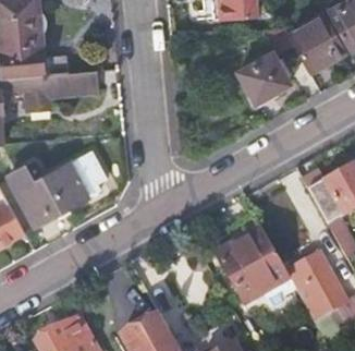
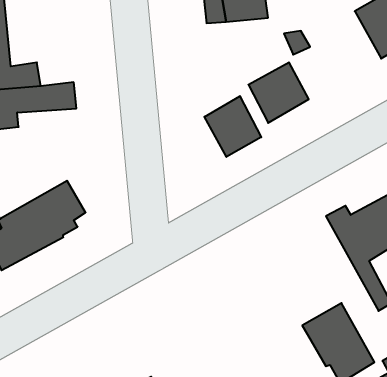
building: [292,15,343,71] -> none
building: none -> [204,96,261,157]
building: [215,215,289,302] -> none

